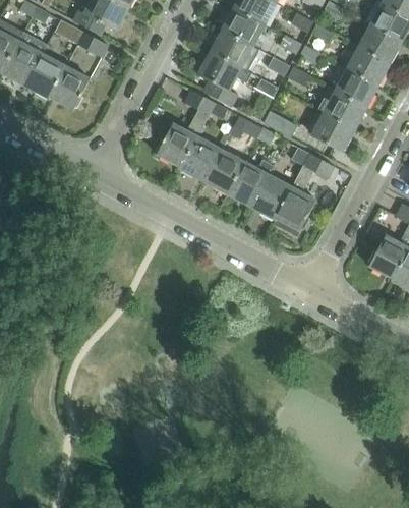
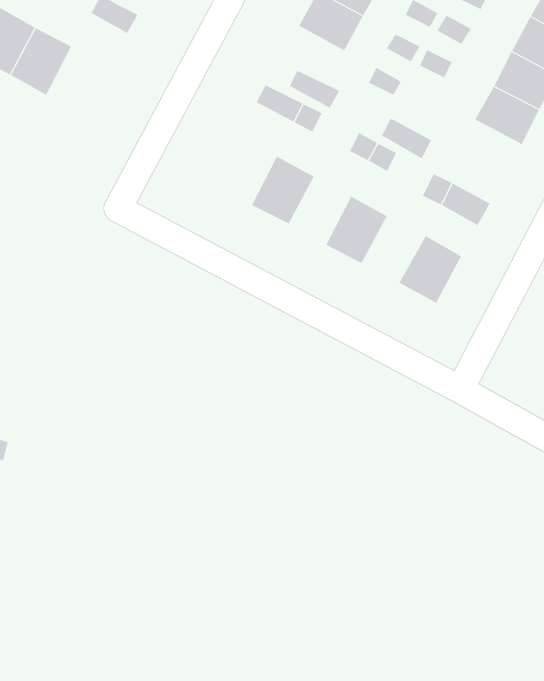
building: [198,52,240,90] -> none
building: [49,65,90,109] -> none
building: [312,112,354,151] -> none
building: [156,123,196,167] -> none
building: [204,149,244,192] -> none
building: [251,174,292,217] -> none

